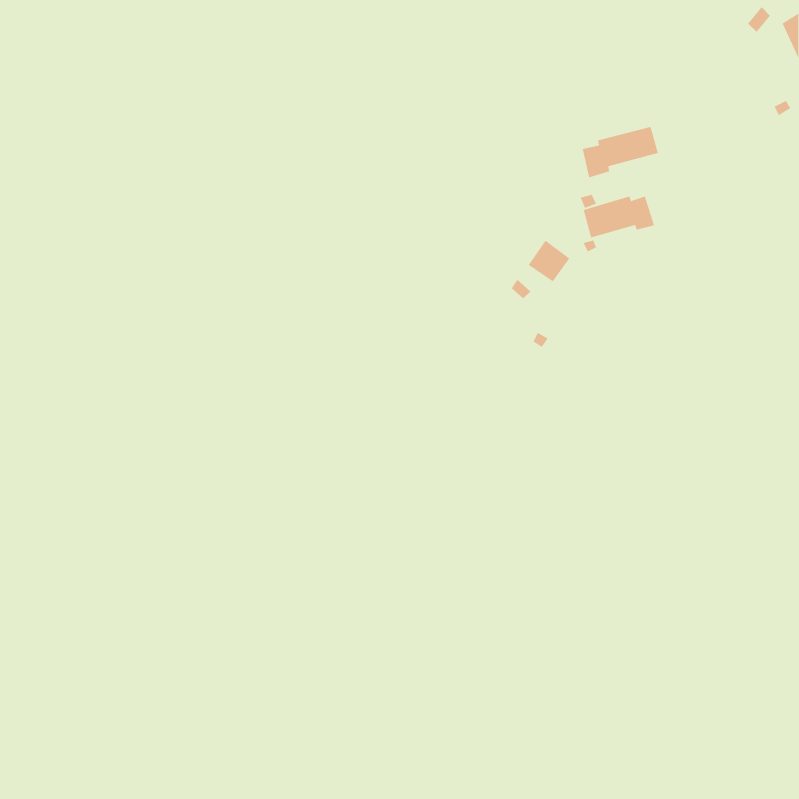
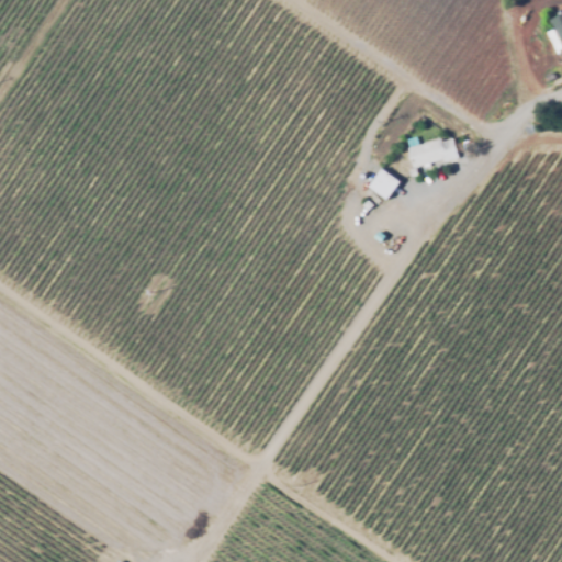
building: [582,126,659,178] -> none

